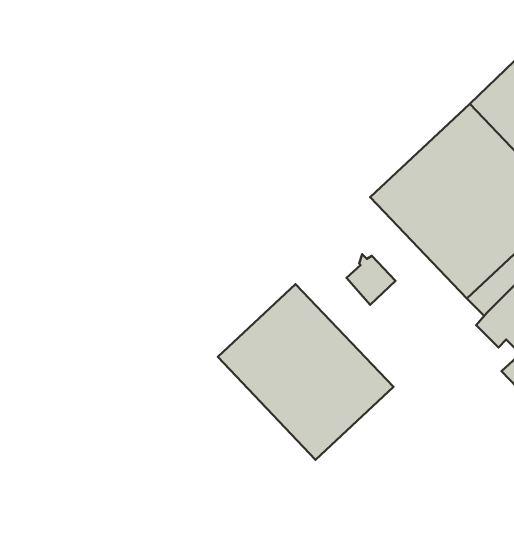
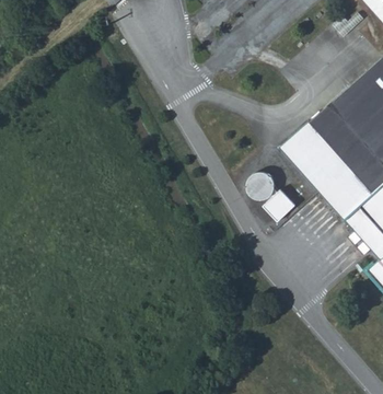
building: [218,284,393,460] -> none

